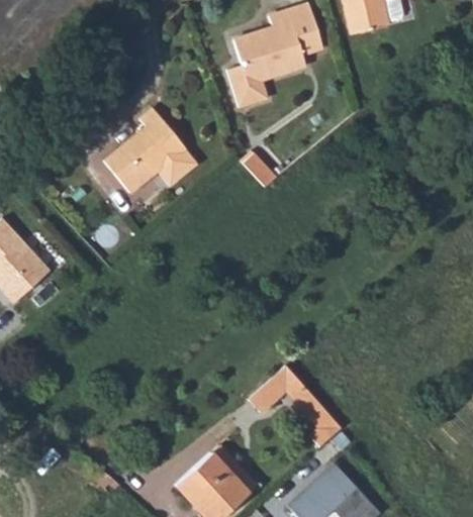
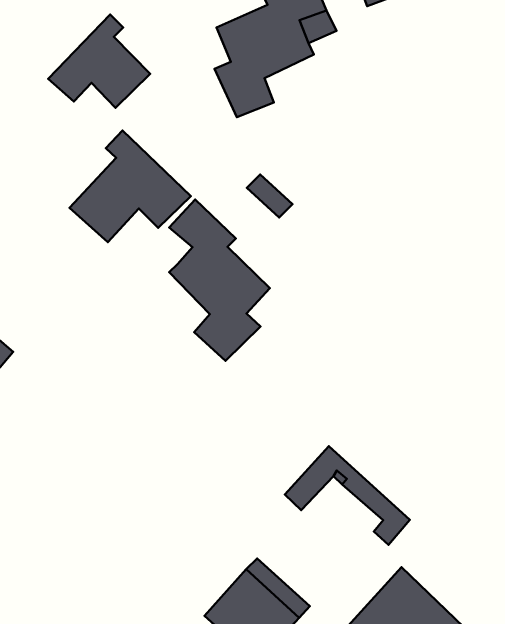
building: none -> [48,15,150,108]
building: none -> [169,200,270,361]

